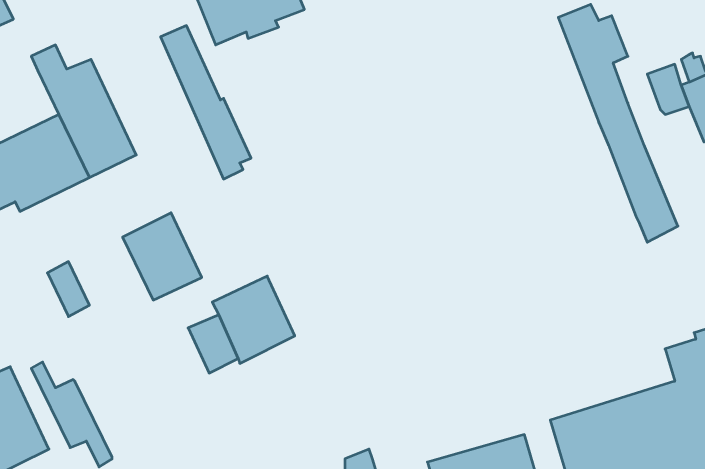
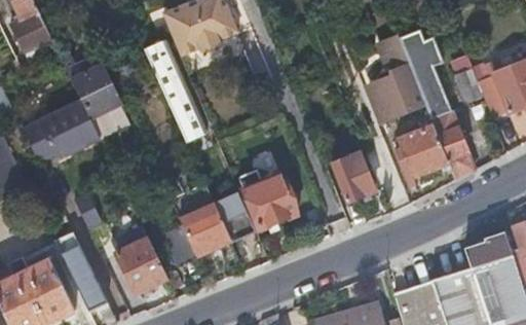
building: none -> [371,36,424,120]
building: none -> [396,118,448,186]
building: none -> [331,152,375,202]
building: [123,213,202,300] -> [117,237,167,292]
building: none -> [240,169,297,226]
building: none -> [214,192,251,240]

